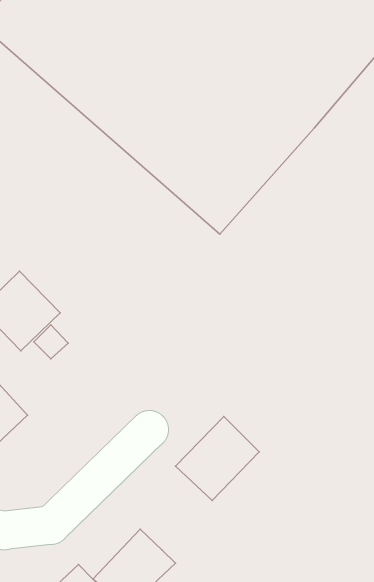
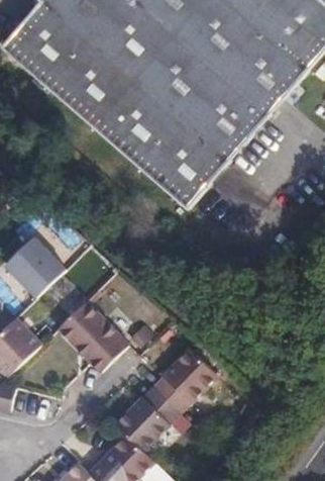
building: none -> [59,300,128,371]
building: none -> [115,386,181,451]

